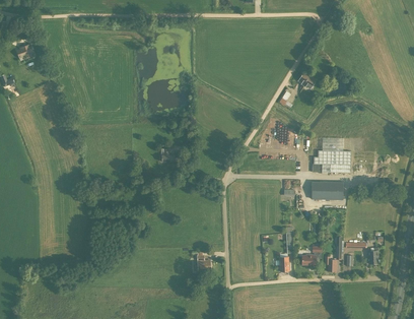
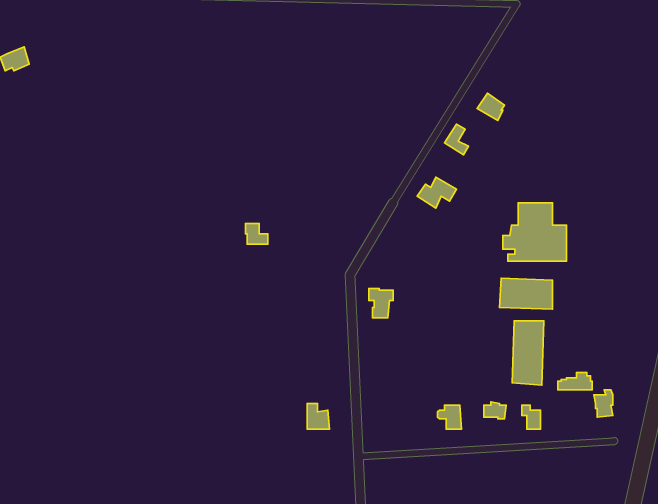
building: none -> [512,321,544,385]

